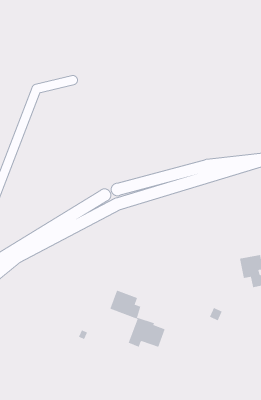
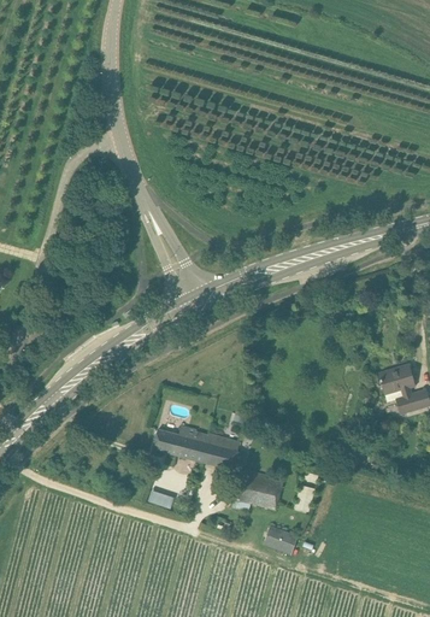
building: none -> [152,424,207,460]
building: none -> [263,525,296,553]

